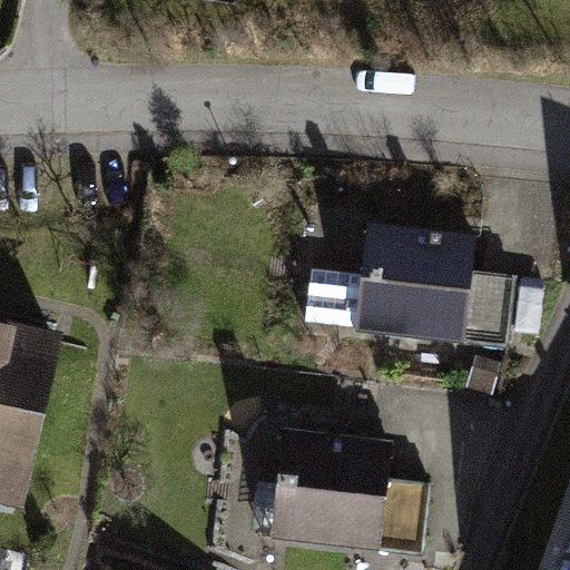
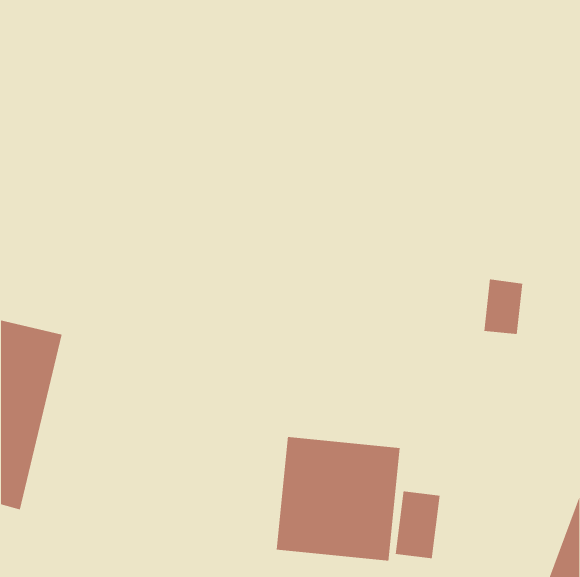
building: [348,222,480,345] -> none

